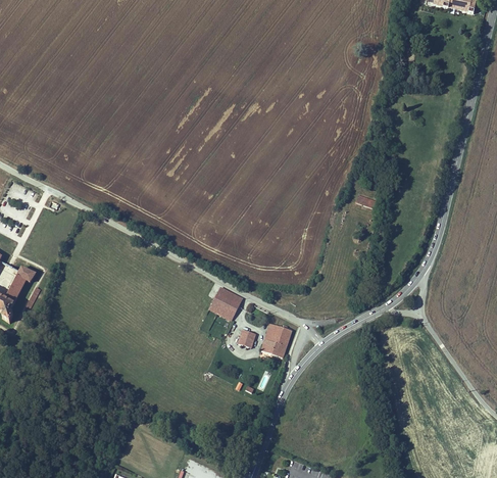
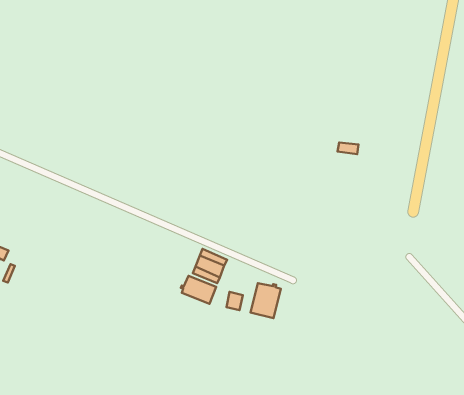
building: none -> [181,276,216,304]

